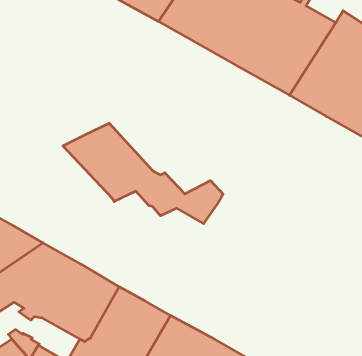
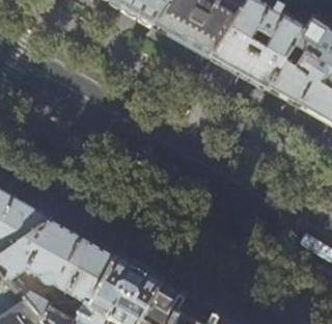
building: [63,123,223,224] -> none

